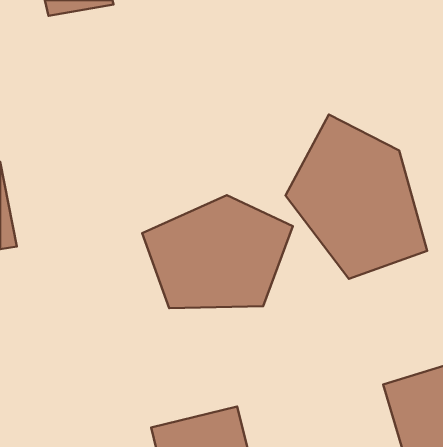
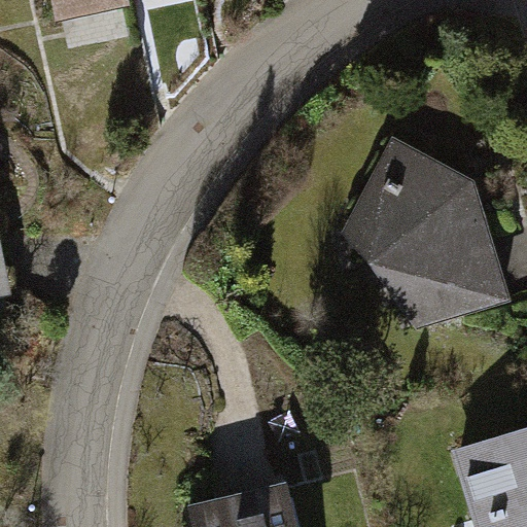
building: [142,195,293,308] -> none

